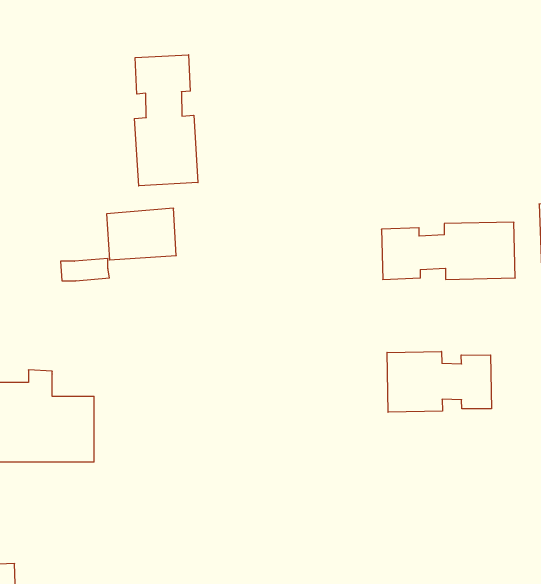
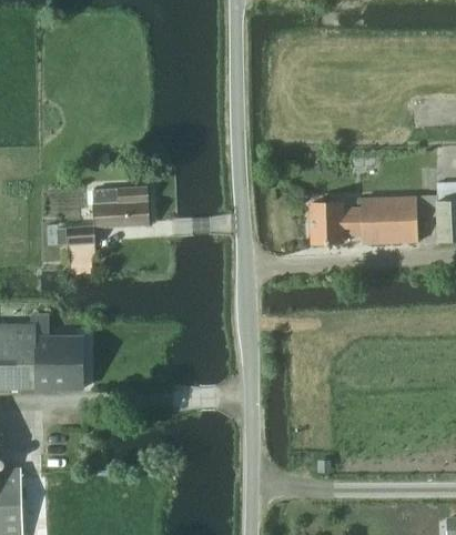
building: [134,55,198,186] -> none
building: [387,351,491,412] -> none

